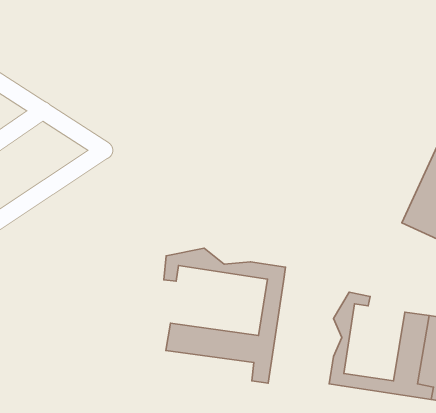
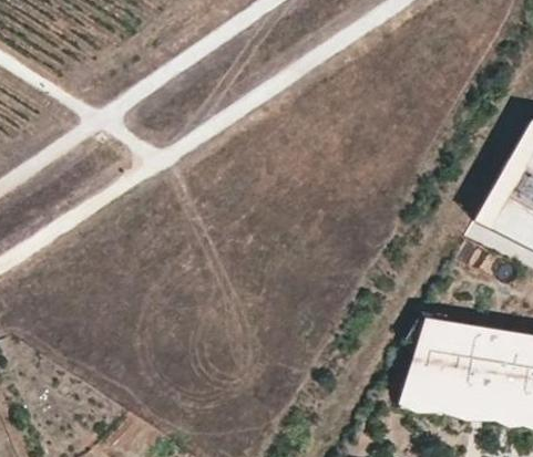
building: [164,248,286,383] -> none
building: none -> [418,324,482,405]

